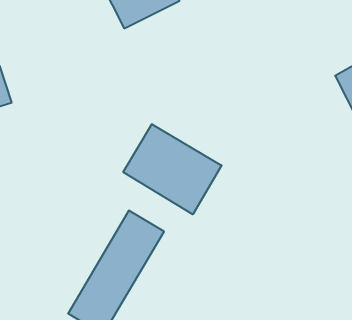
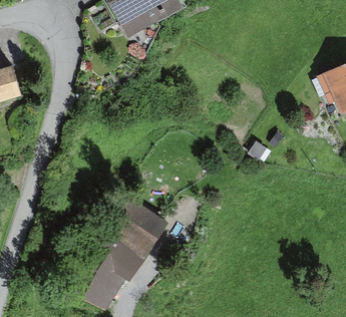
building: [123,124,222,214] -> none

